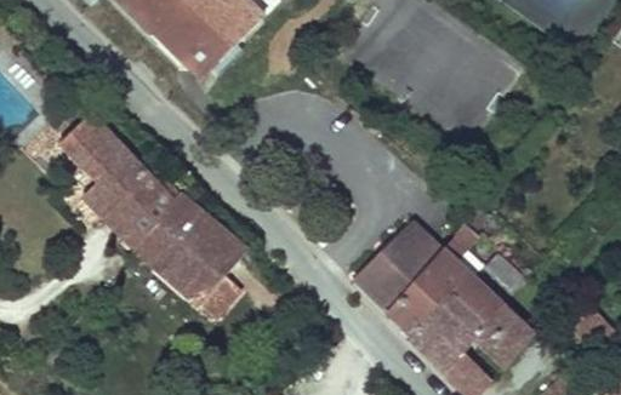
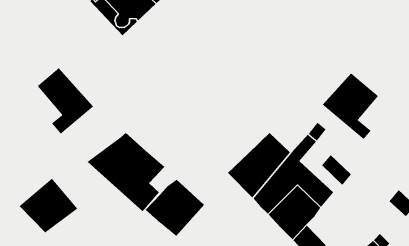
building: none -> [322,72,379,140]
building: [112,183,196,262] -> [19,178,78,233]
building: none -> [145,179,205,237]
building: [475,305,531,365] -> none

